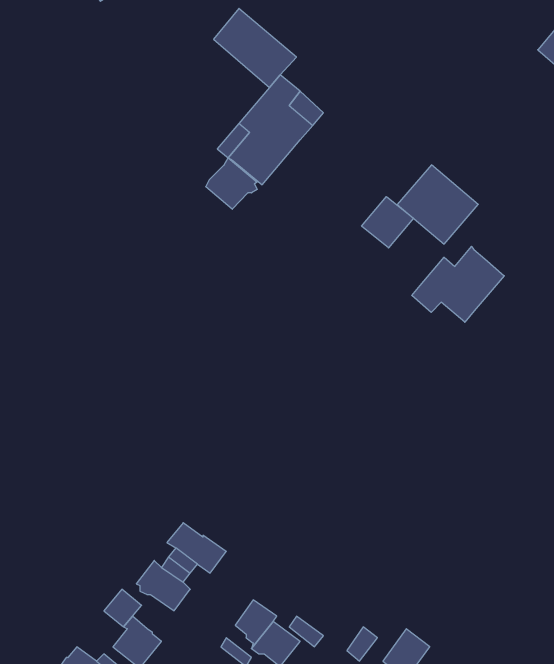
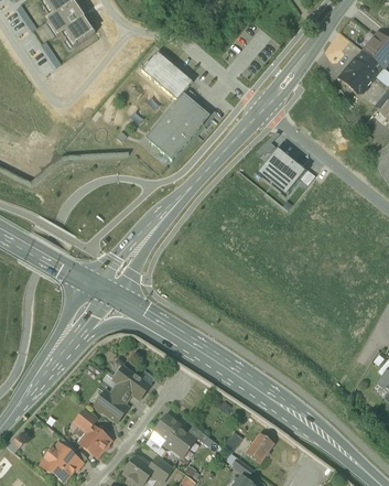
building: [206,158,257,209] -> none
building: [362,197,414,248] -> none
building: [412,246,504,322] -> none

